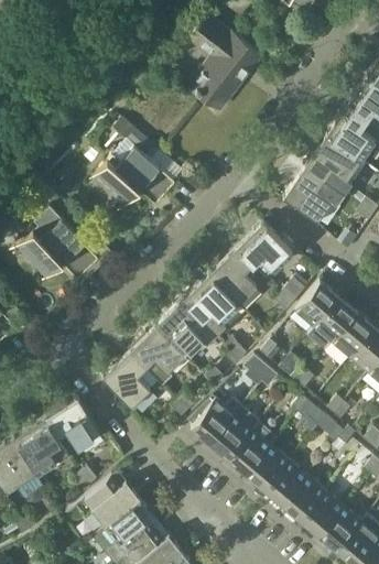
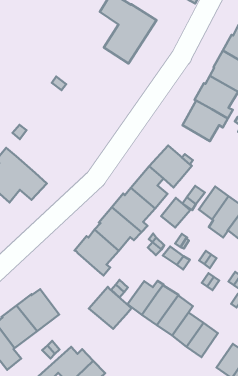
building: [93,148,175,209] -> none
building: none -> [161,198,190,228]
building: [102,354,159,410] -> [89,287,132,329]
building: [283,478,326,523] -> none

